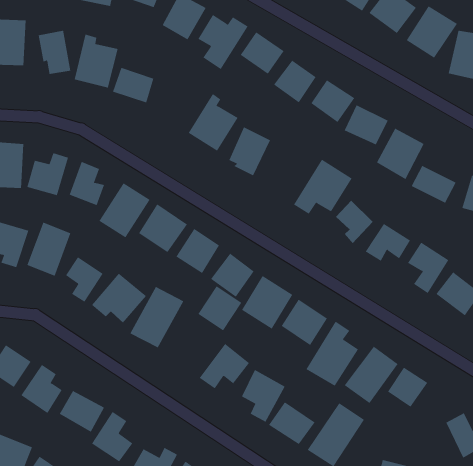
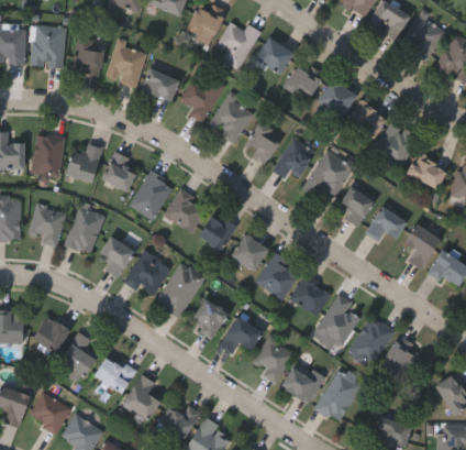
building: none -> [181,76,224,124]
building: none -> [273,135,315,184]
building: [198,285,242,331] -> [188,298,228,339]

